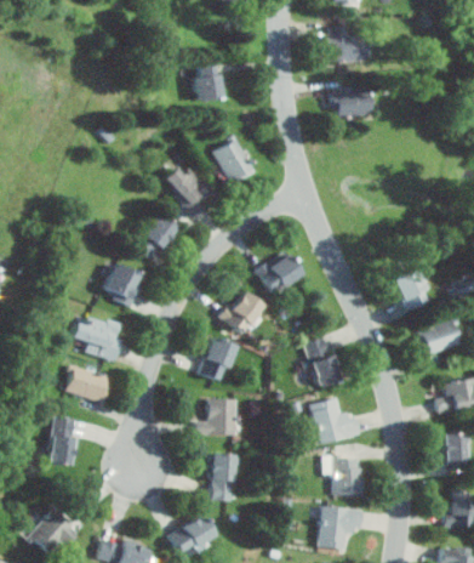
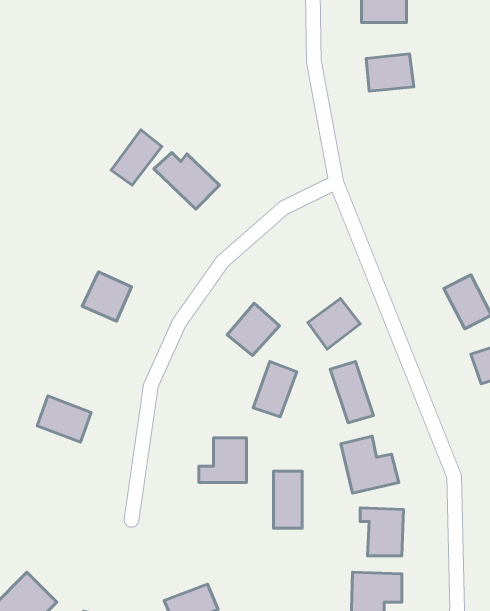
building: [195,66,222,98] -> none
building: [213,138,253,184] -> none
building: [133,215,175,260] -> [111,130,162,185]
building: [256,252,298,294] -> [308,299,360,349]
building: [70,315,122,360] -> none
building: [198,337,233,382] -> [253,361,297,417]
building: [45,416,74,467] -> none
building: [209,455,232,501] -> [274,471,302,528]

